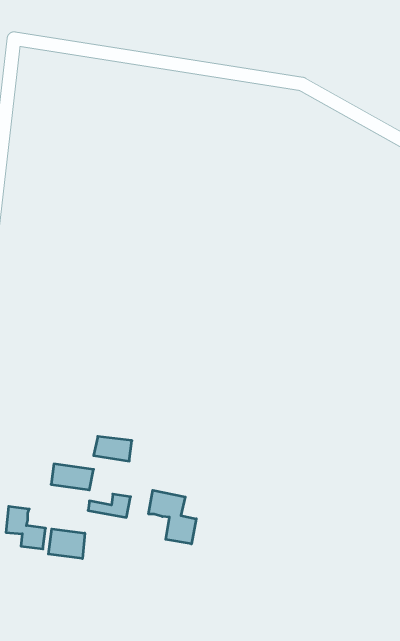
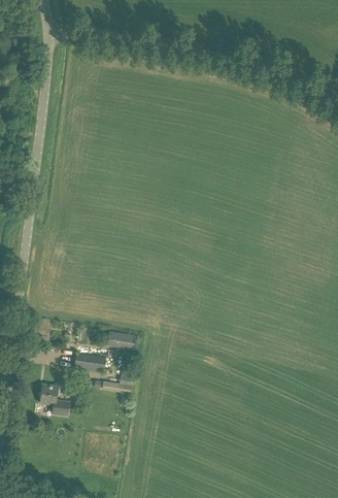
building: [149,490,196,544] -> none
building: [48,529,85,559] -> none

